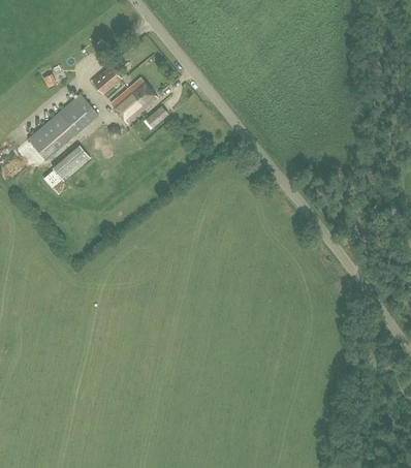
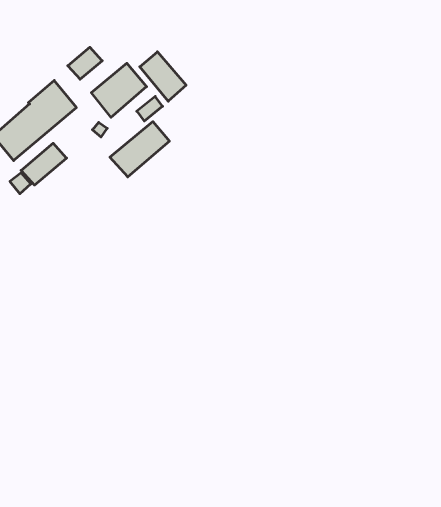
building: none -> [140,52,186,101]
building: none -> [110,122,169,177]

